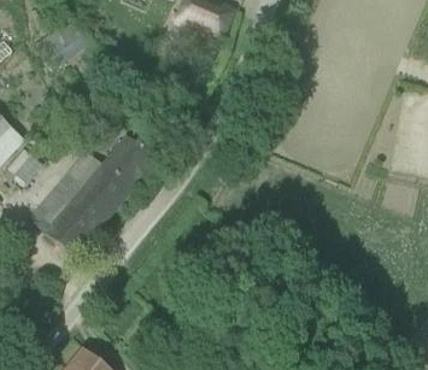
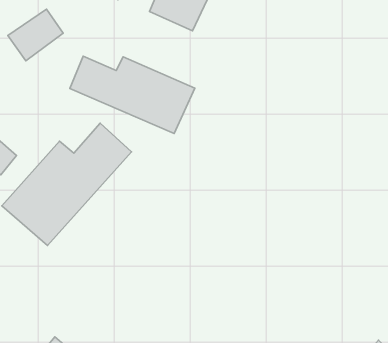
building: none -> [70,56,195,134]

